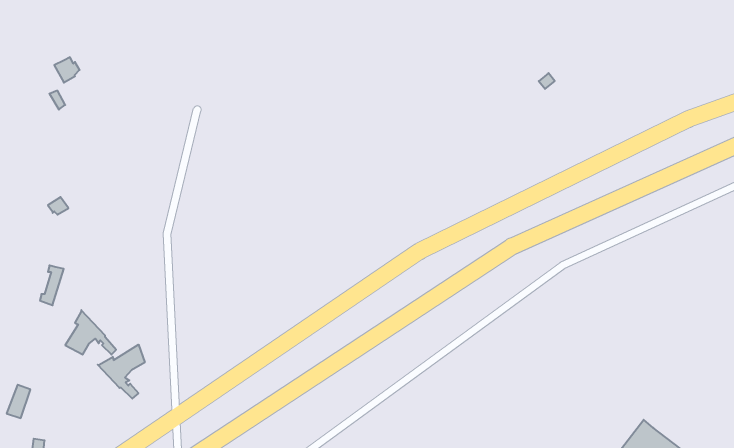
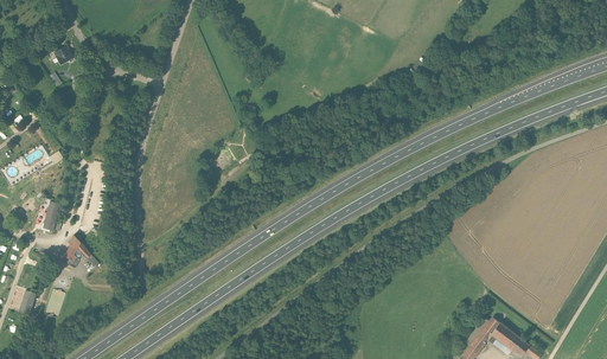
building: [98,345,145,399] -> none

